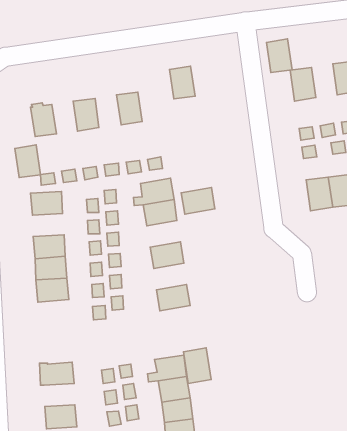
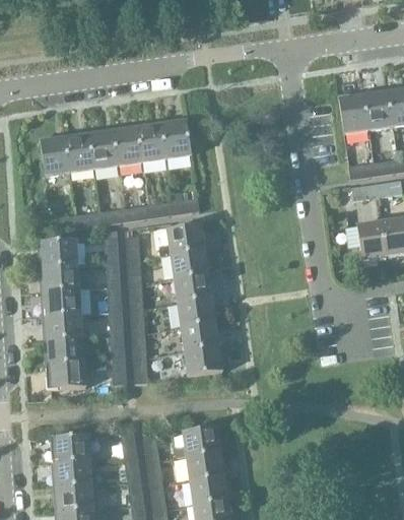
building: [266,39,292,72] -> [362,90,392,129]
building: [169,66,195,99] -> [163,119,193,156]
building: none -> [115,126,144,164]
building: [15,145,40,178] -> [65,133,94,171]
building: [181,187,215,214] -> [174,270,212,301]
building: none -> [43,262,79,288]
building: none -> [182,319,219,349]
building: none -> [45,361,85,389]
building: [183,348,211,384] -> none
building: none -> [56,457,91,483]

